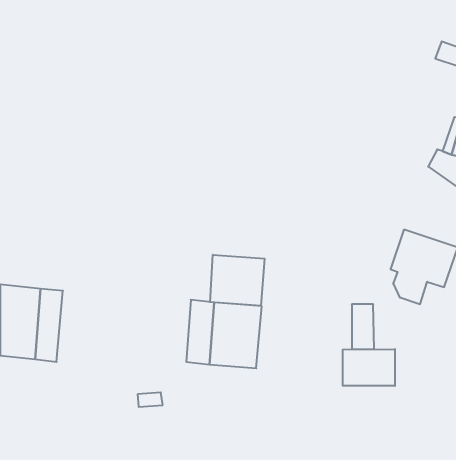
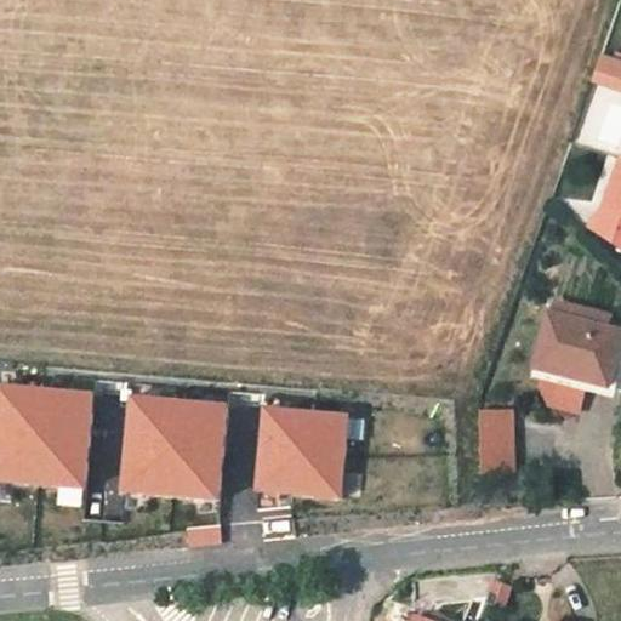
building: [210,255,265,306] -> none
building: none -> [120,394,223,496]
building: [343,349,395,386] -> none

